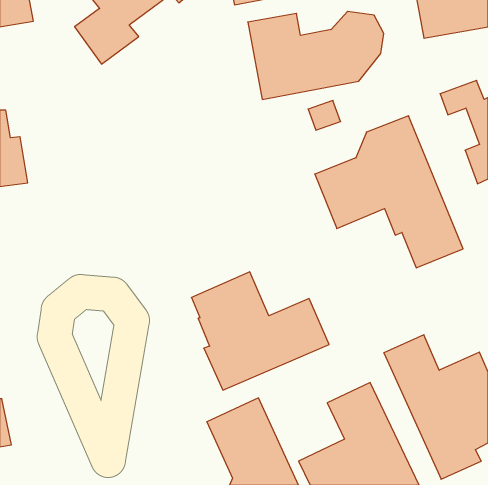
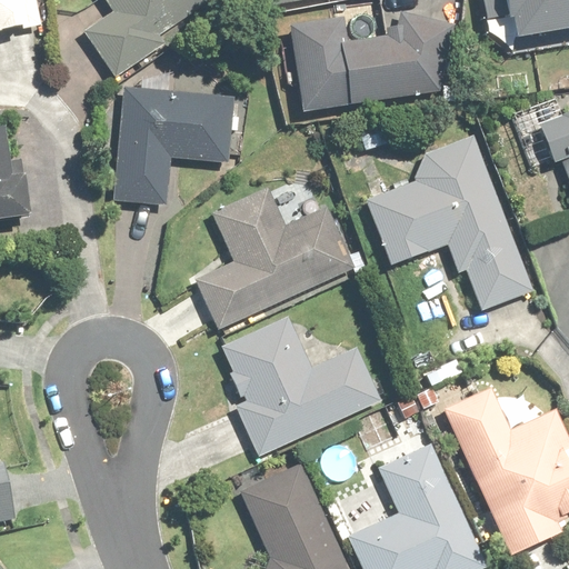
building: none -> [118,90,228,204]
building: none -> [197,187,353,329]

